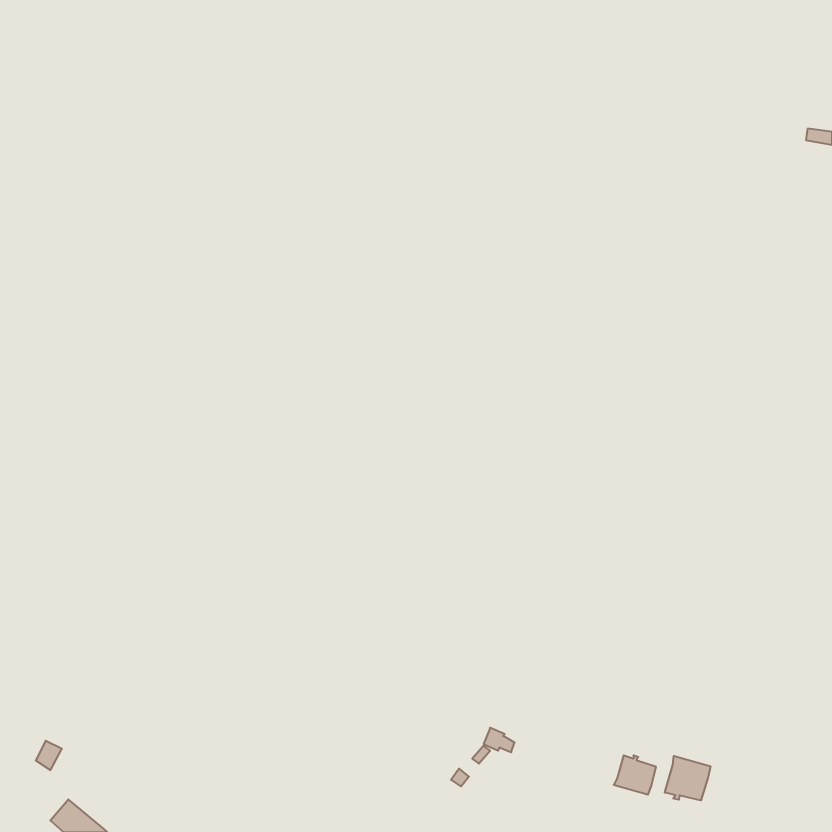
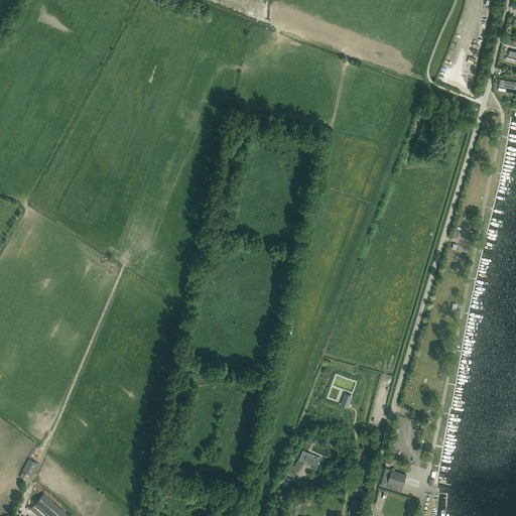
building: [665,756,710,800] -> none

